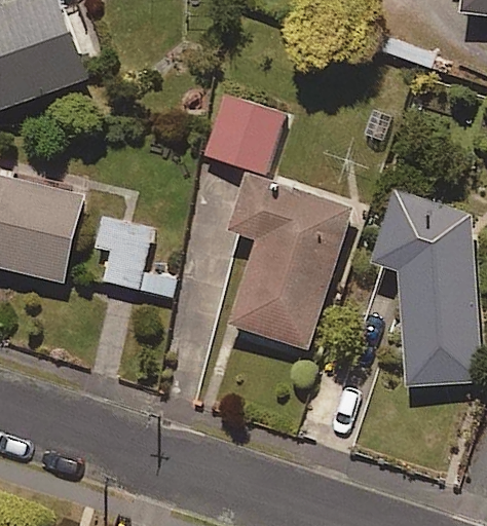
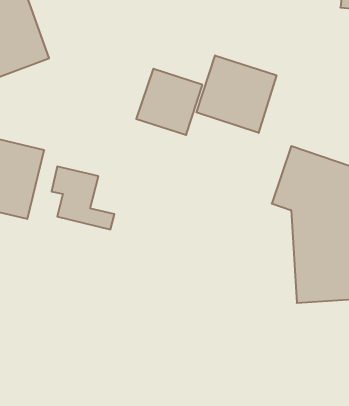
building: none -> [196,55,276,133]
building: [227,175,353,350] -> none

